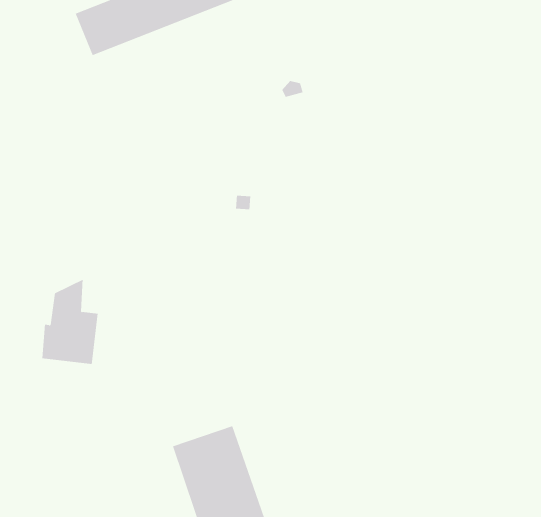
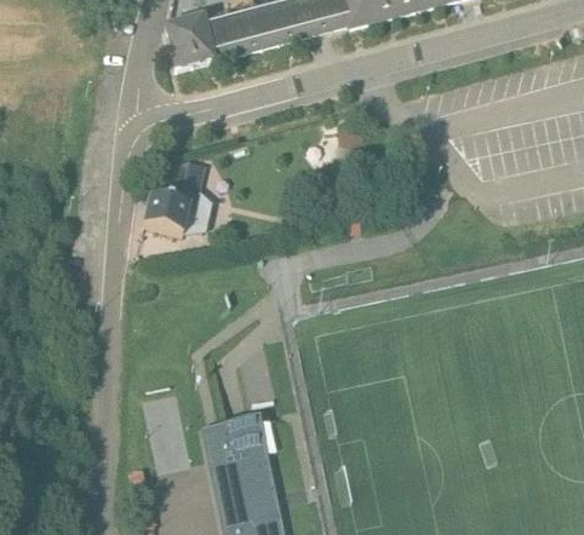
building: [42,279,98,364] -> [143,155,199,232]

